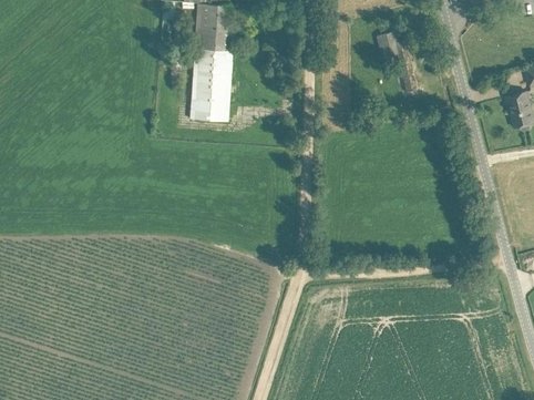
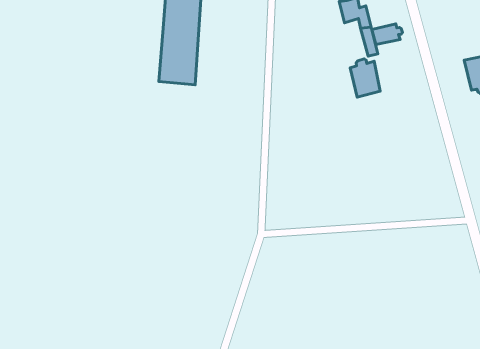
building: none -> [372,24,402,44]
building: none -> [350,59,380,97]

